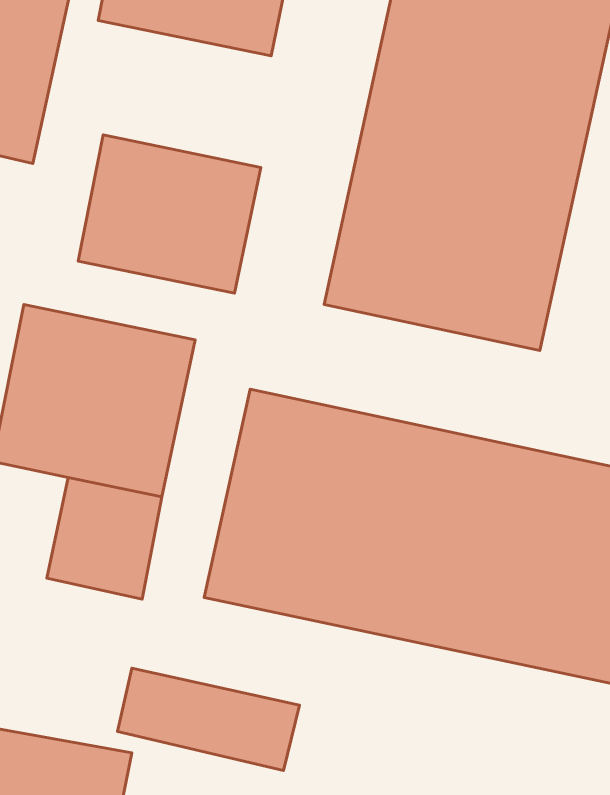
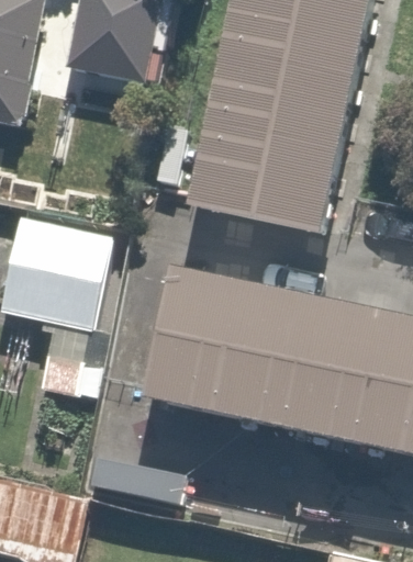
building: [78,135,261,293] -> none

